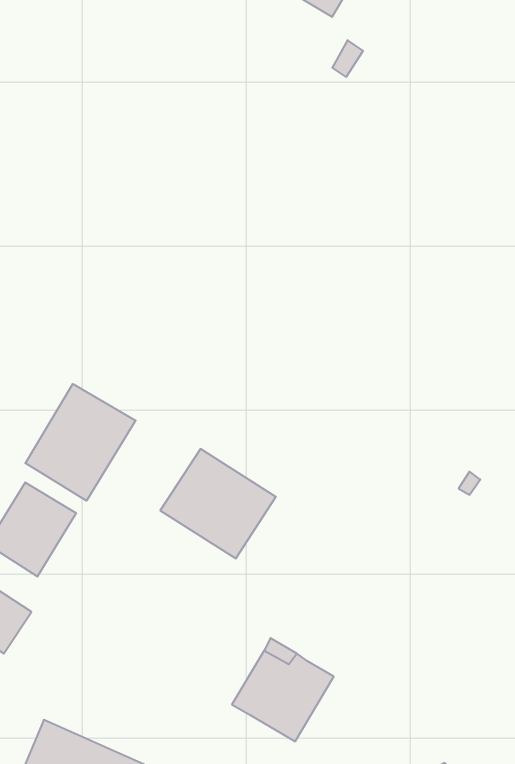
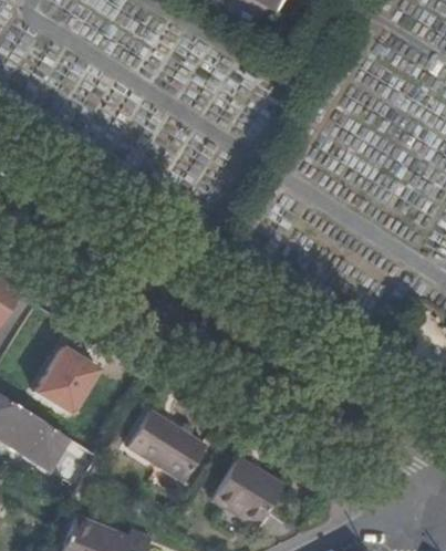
building: [25,384,136,501] -> none
building: [160,449,276,558] -> [128,407,211,486]

